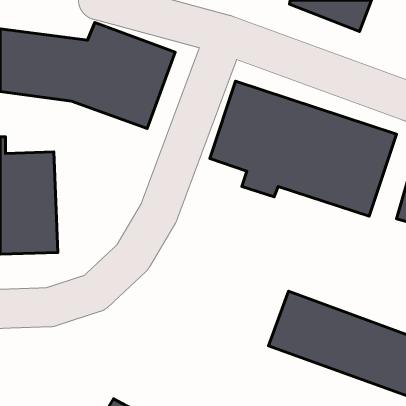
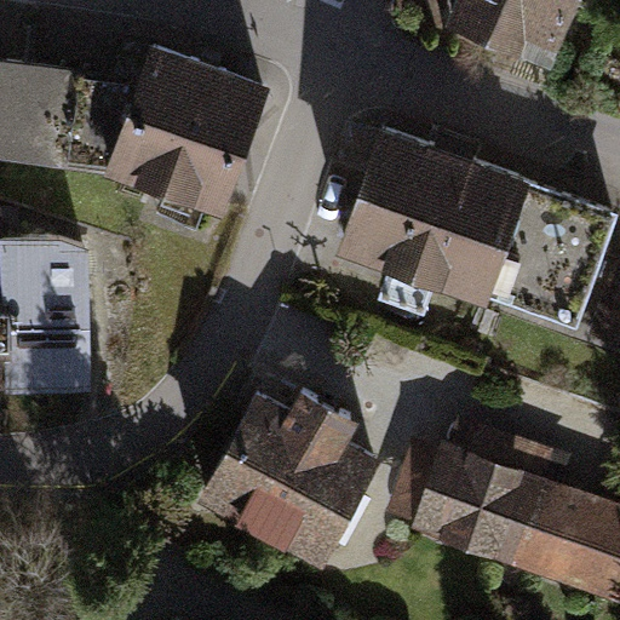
building: none -> [200,394,375,562]

